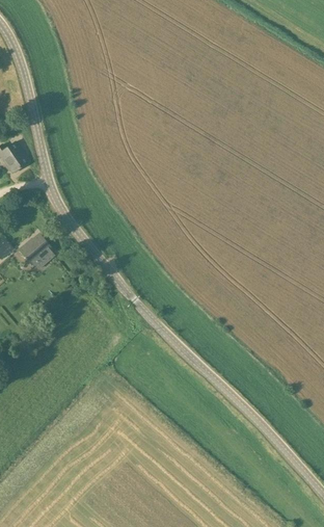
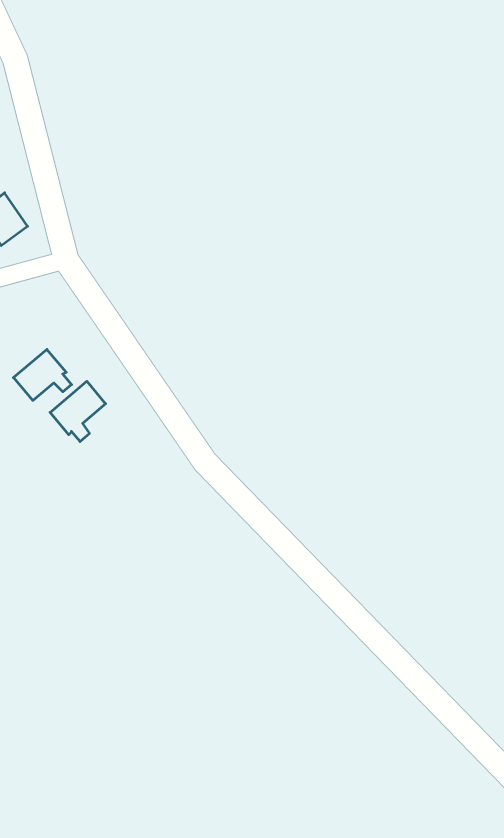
building: none -> [50,381,106,442]

